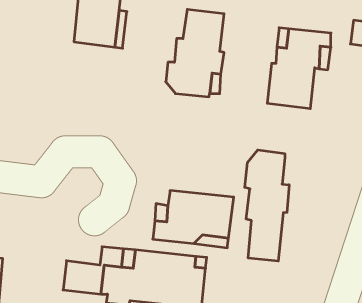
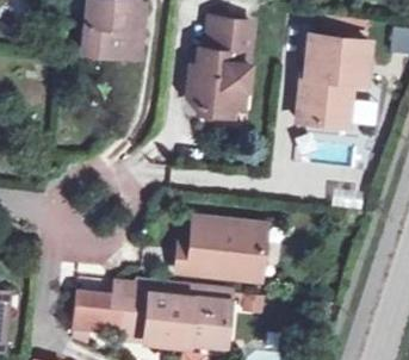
building: [245,150,289,261] -> none

